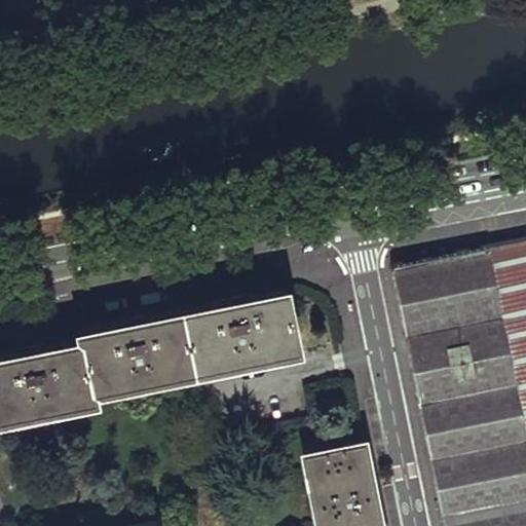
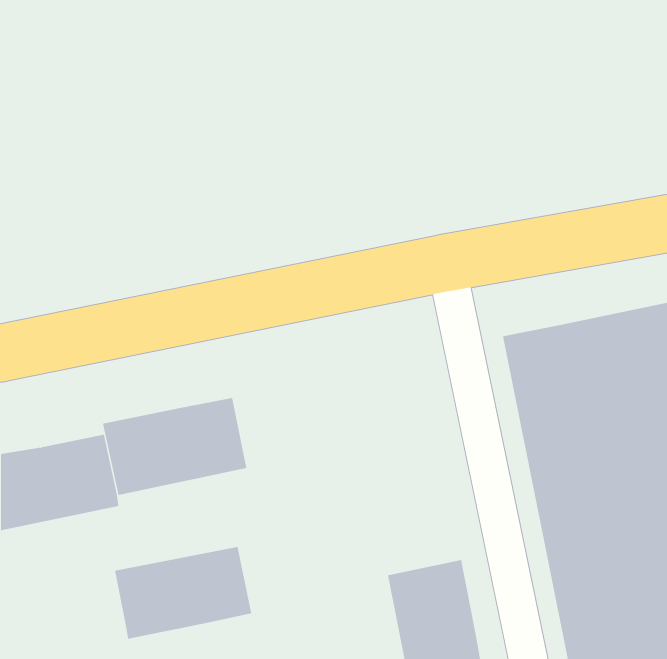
building: [184,297,305,375] -> none
building: none -> [115,546,252,640]

